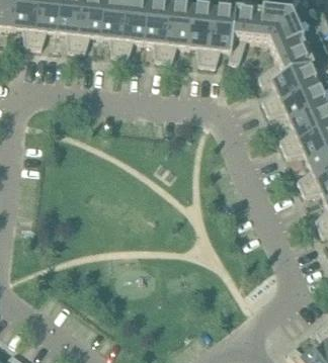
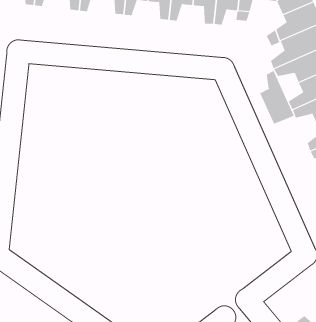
building: none -> [259,70,294,125]

